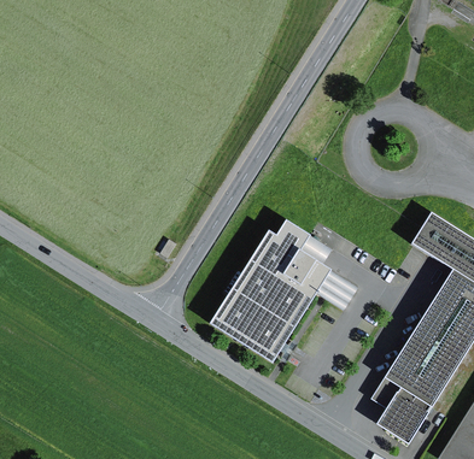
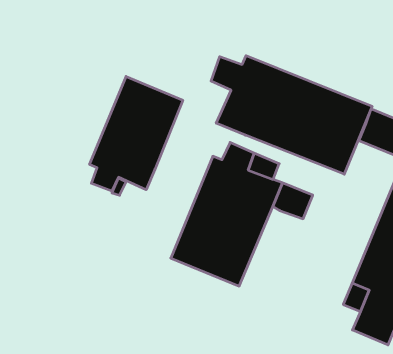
building: none -> [211,56,372,174]
building: none -> [90,76,183,191]

